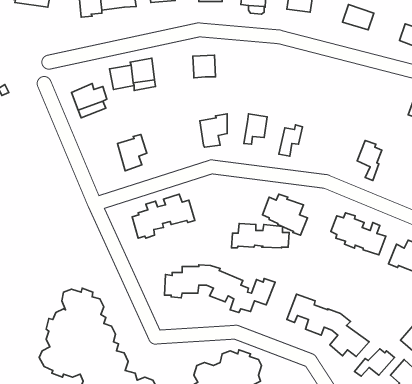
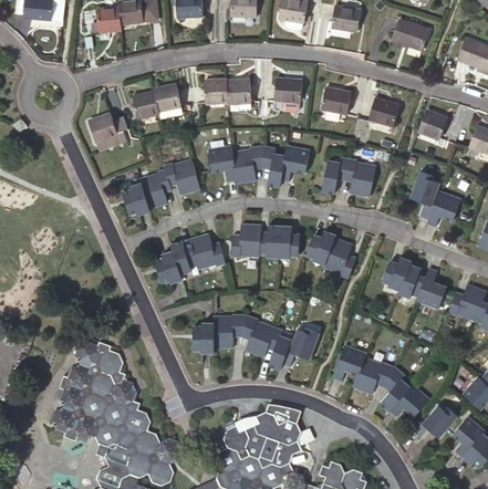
building: none -> [200,76,226,102]
building: none -> [271,79,300,102]
building: none -> [319,89,349,114]
building: none -> [370,96,402,125]
building: none -> [419,110,450,138]
building: none -> [263,144,287,184]
building: none -> [210,147,237,180]
building: none -> [165,156,200,191]
building: none -> [344,158,375,194]
building: none -> [122,181,148,214]
building: none -> [426,194,458,226]
building: [231,224,289,248] -> [232,231,298,259]

